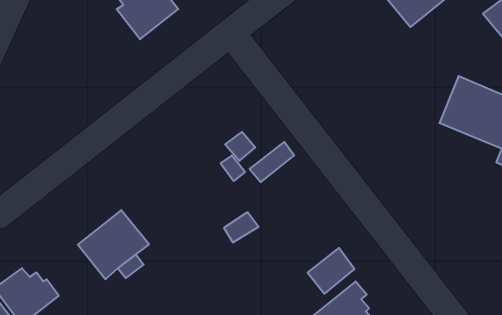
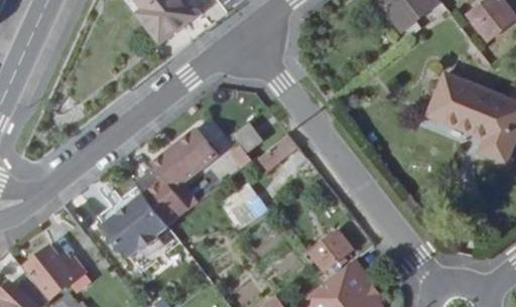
building: none -> [134,129,218,227]

